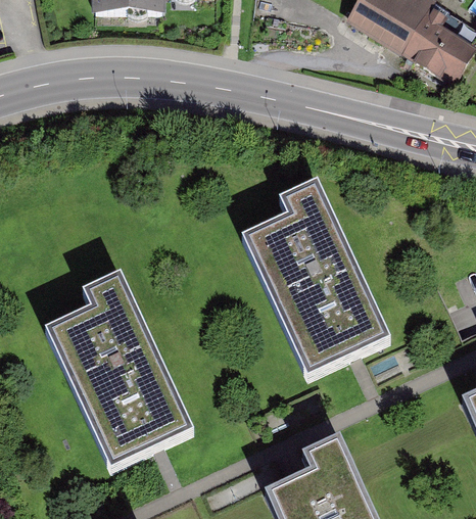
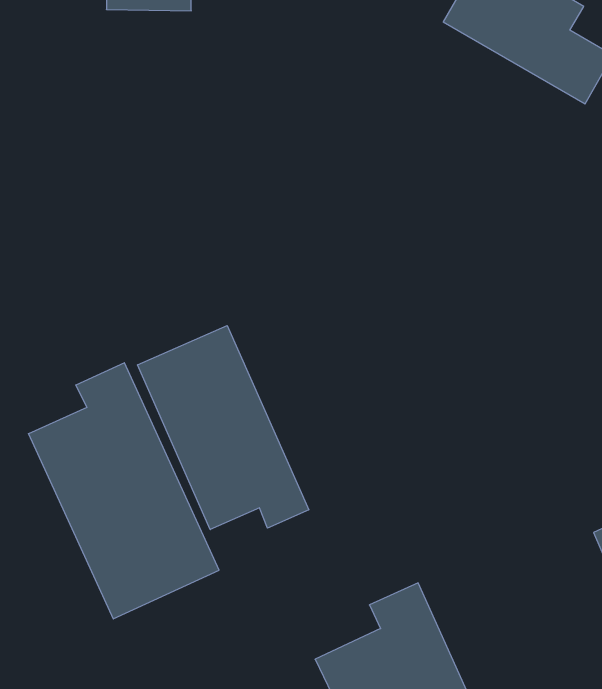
building: [243,185,388,378] -> none
building: none -> [138,326,309,530]

